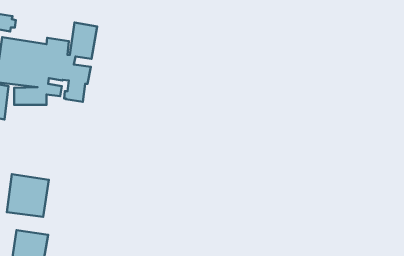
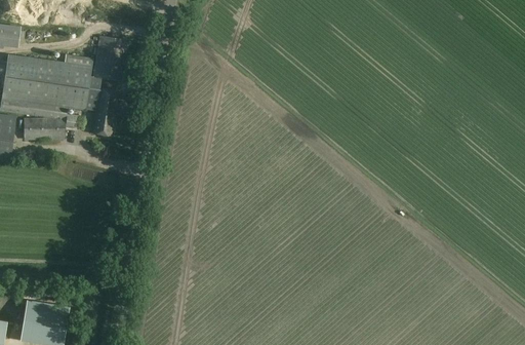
building: [7,174,49,217] -> none

